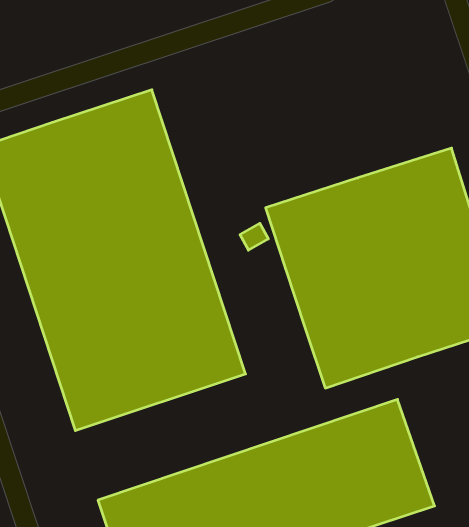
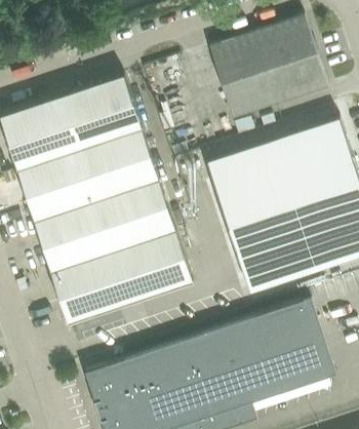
building: none -> [210,17,328,119]

